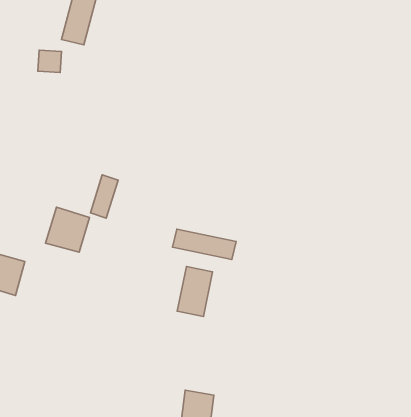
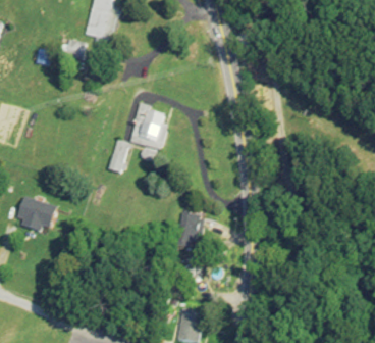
building: none -> [129,103,168,149]
building: [45,207,90,252] -> none
building: [173,229,236,259] -> none

